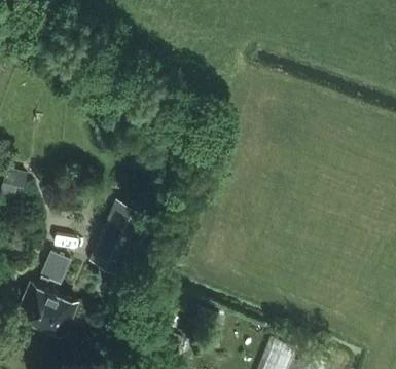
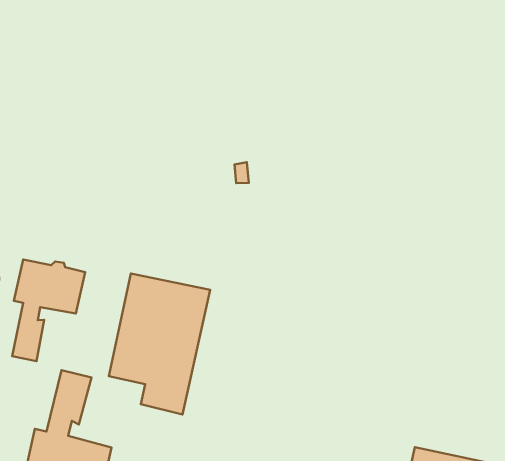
building: none -> [12,259,85,361]

